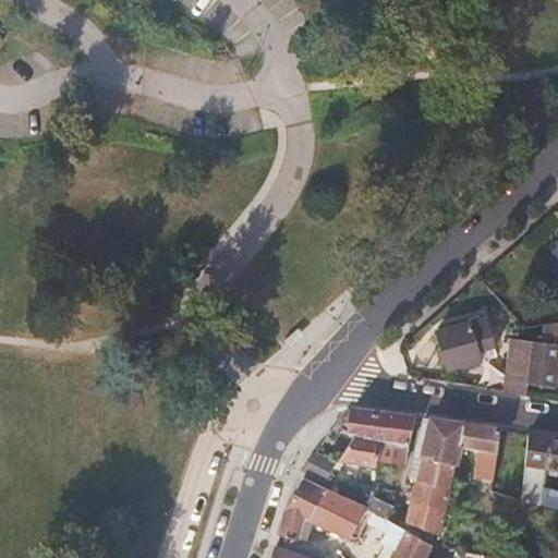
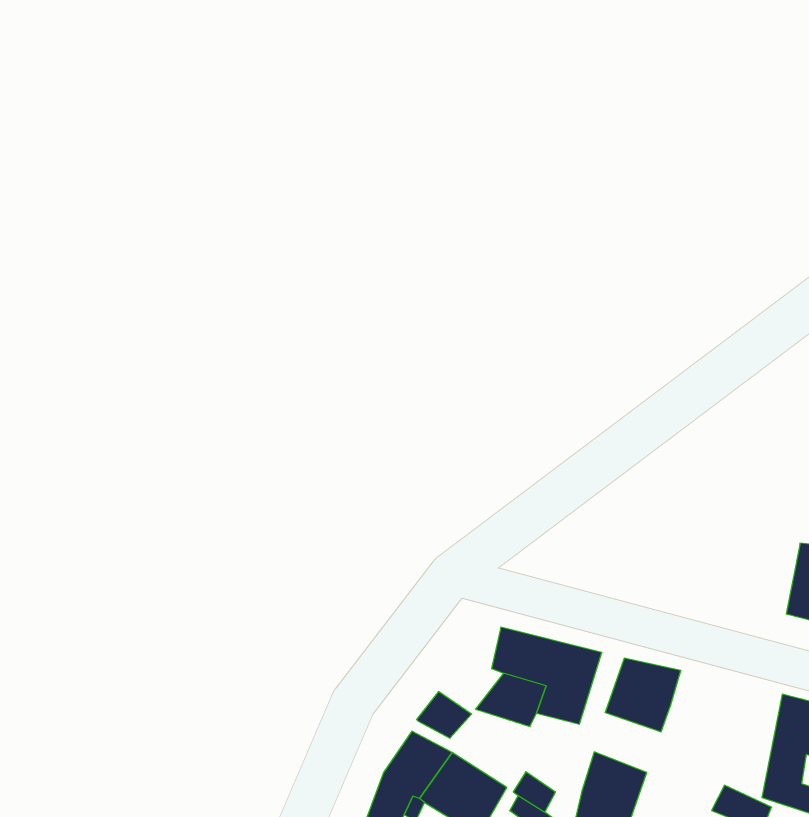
building: [438,316,494,367] -> none
building: [505,337,532,392] -> none
building: [461,424,500,478] -> none
building: [416,454,457,489] -> none

